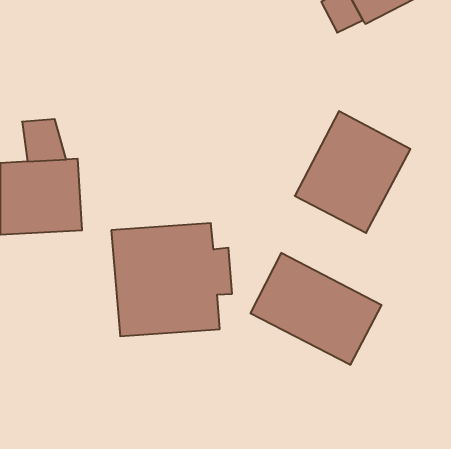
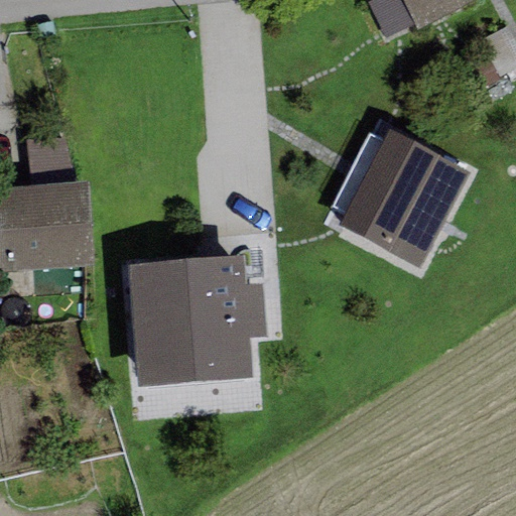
building: [251,253,382,365] -> none

